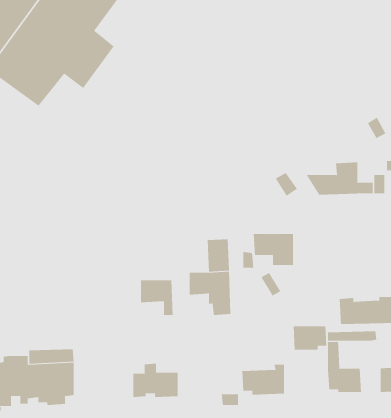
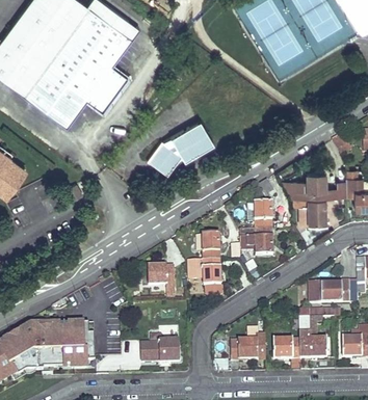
building: none -> [148,117,213,174]
building: none -> [292,195,324,222]
building: none -> [254,201,272,228]
building: [293,326,327,350] -> [272,338,300,357]

